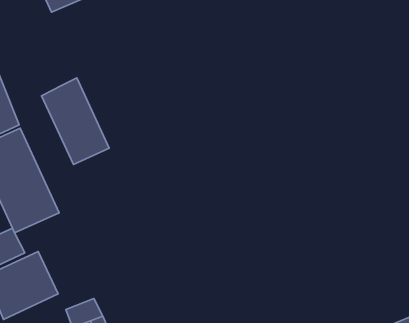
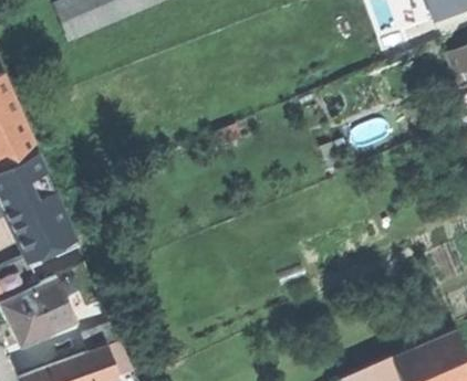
building: [41,78,109,164] -> none

